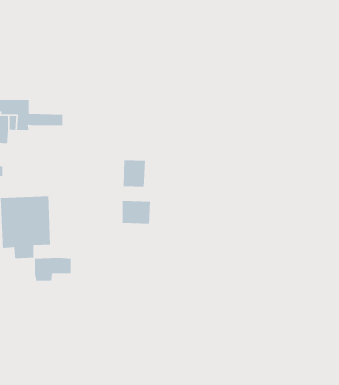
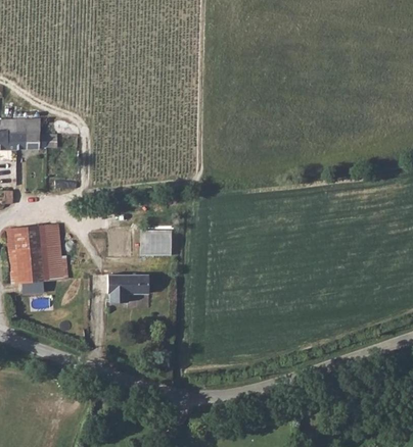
building: [123,159,146,187] -> none
building: [34,257,71,282] -> [106,275,147,301]

